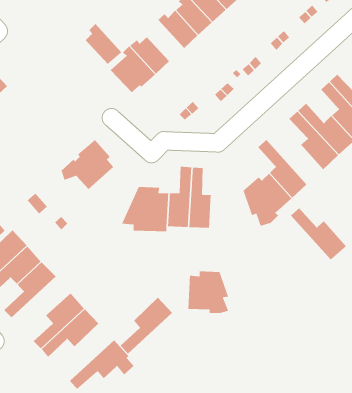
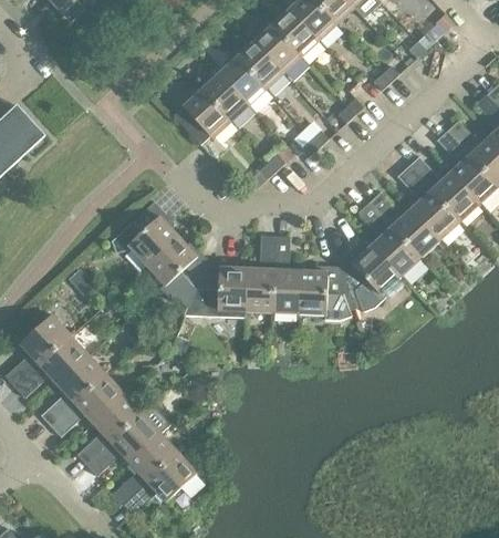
building: [85,23,122,65] -> [219,52,266,104]
building: none -> [146,236,208,309]
building: [290,207,347,261] -> [368,192,439,258]
building: [187,270,229,314] -> [298,265,350,319]
building: none -> [50,373,124,436]
building: [120,297,173,354] -> [112,432,178,504]

